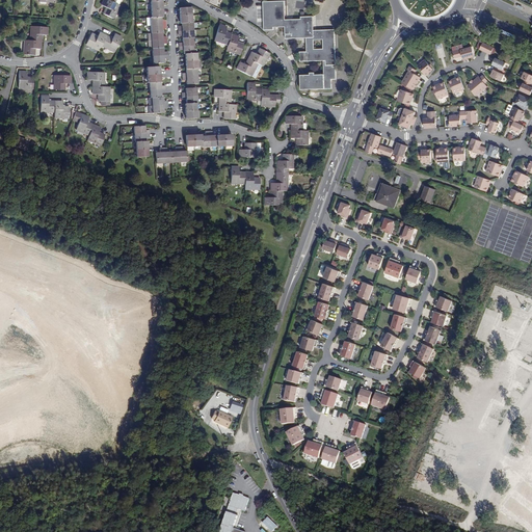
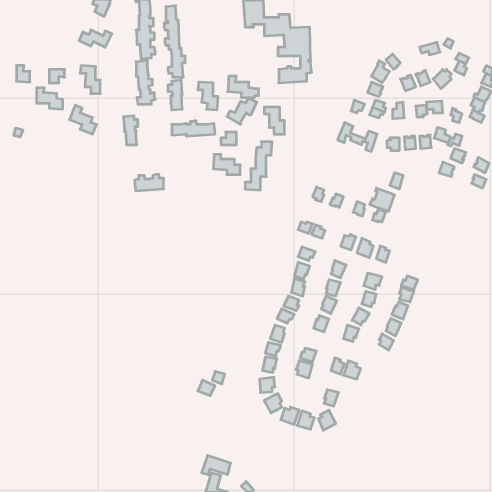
building: [213,24,242,54] -> none
building: [23,25,47,54] -> none
building: [236,48,268,76] -> [227,98,257,124]
building: [155,145,186,163] -> [135,174,164,191]
building: [373,182,400,207] -> [370,188,395,211]

